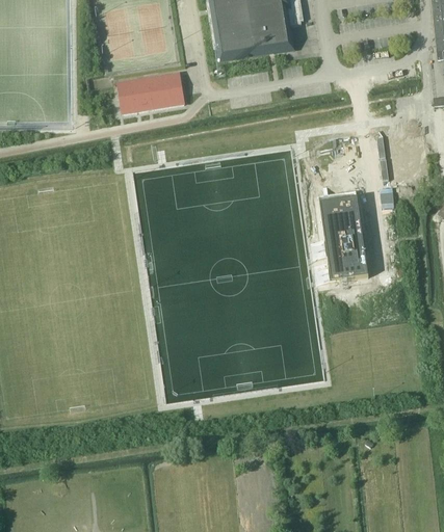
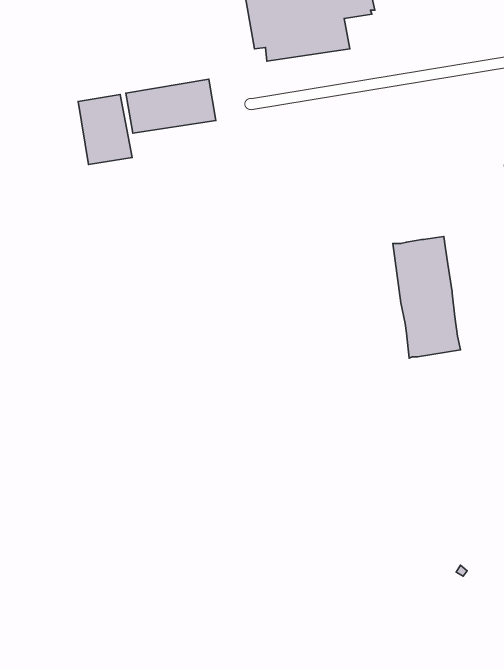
building: none -> [78,95,132,165]

